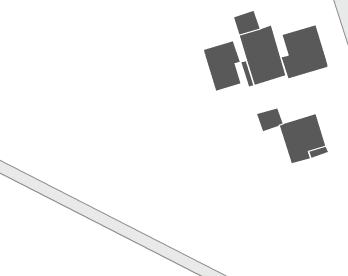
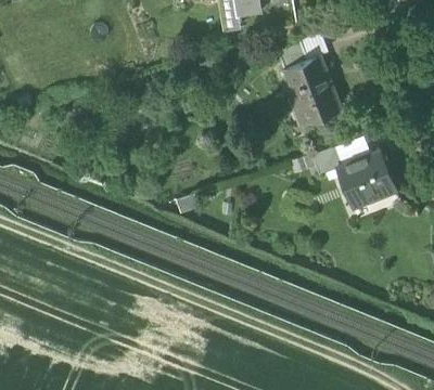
building: [281,24,328,79] -> none
building: [204,40,241,92] -> none

